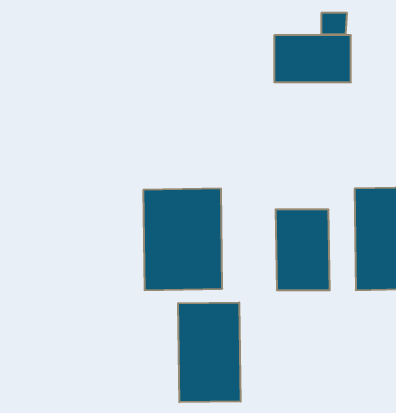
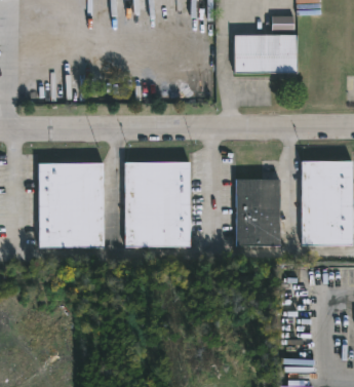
building: none -> [37,163,103,247]
building: [178,302,241,402] -> none

